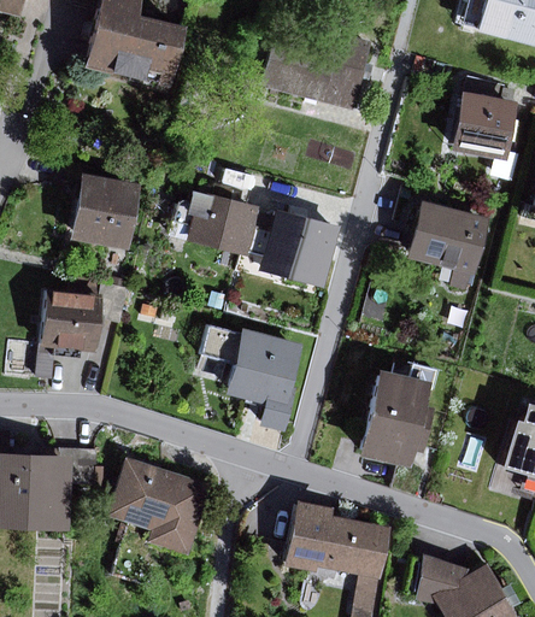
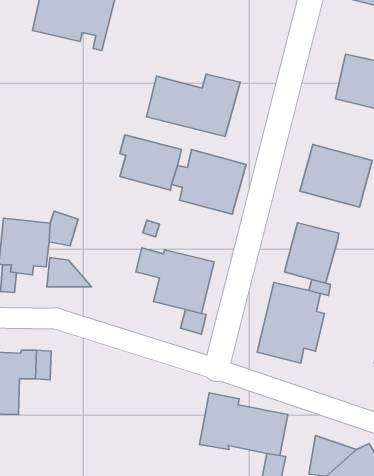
building: [264,34,377,110] -> [147,74,240,137]
building: [66,171,142,248] -> none
building: none -> [284,223,339,283]
building: none -> [47,257,91,287]
building: [110,456,216,556] -> none

